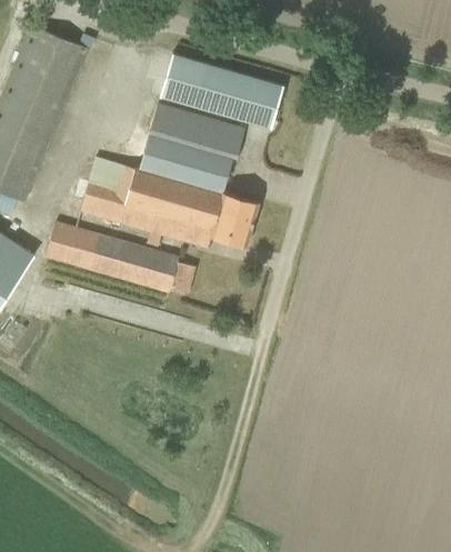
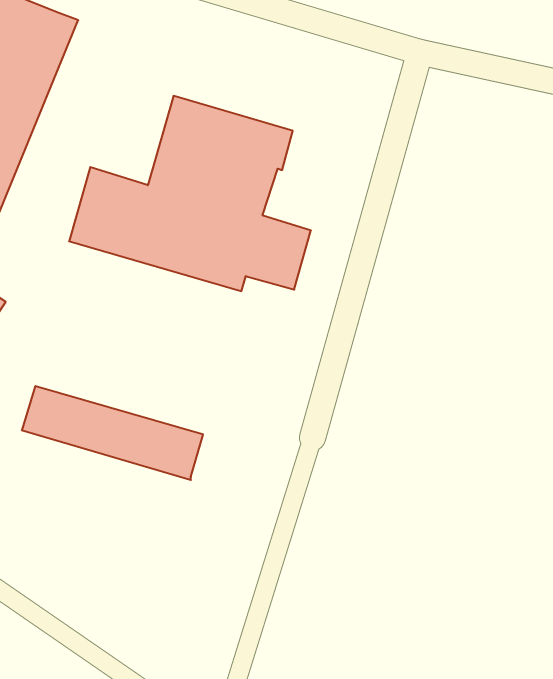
building: [160,53,283,129] -> none
building: [46,223,179,292] -> [22,386,203,480]

